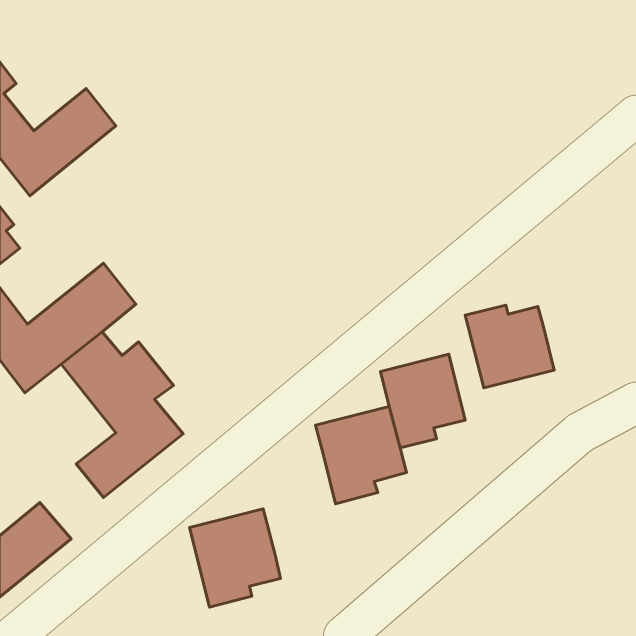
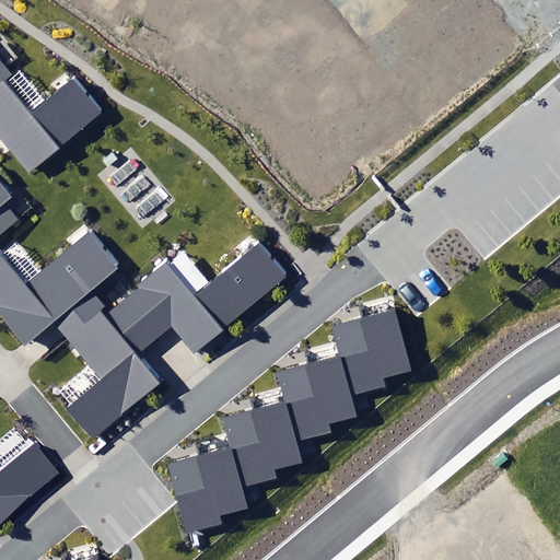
building: none -> [121,242,285,352]
building: [465,305,554,388] -> none
building: none -> [223,401,301,488]

